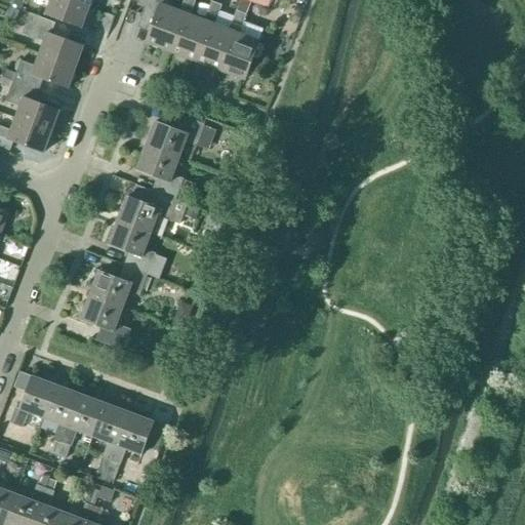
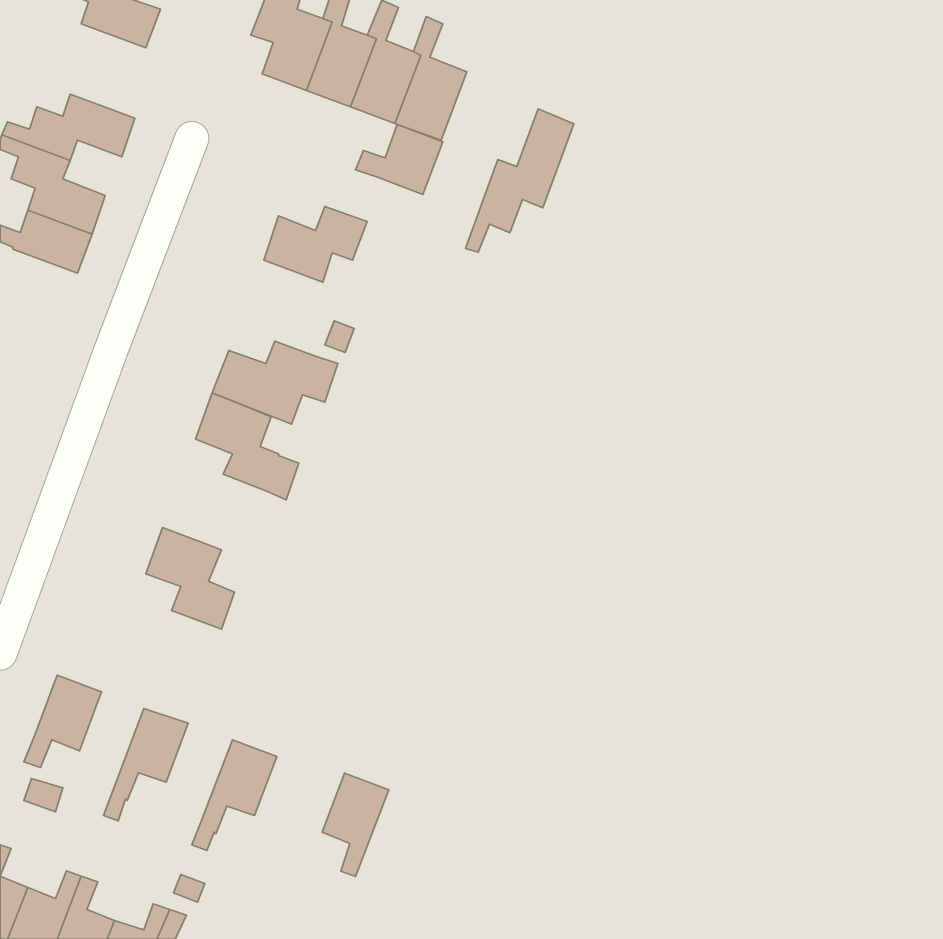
building: [23,12,83,66] -> none
building: none -> [465,109,574,252]
building: none -> [356,124,443,195]
building: [136,145,184,198] -> none
building: [90,264,148,306] -> none
building: [44,385,80,453] -> none
building: [92,402,129,459] -> [322,773,389,877]

